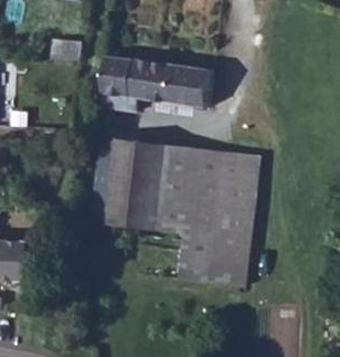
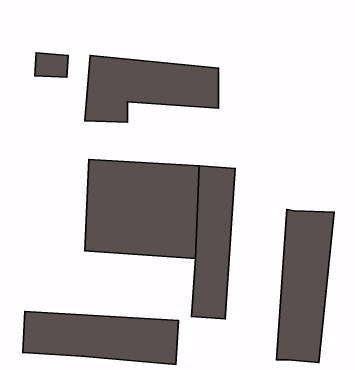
building: [221,156,270,287] -> [276,209,334,363]
building: none -> [23,311,178,365]

